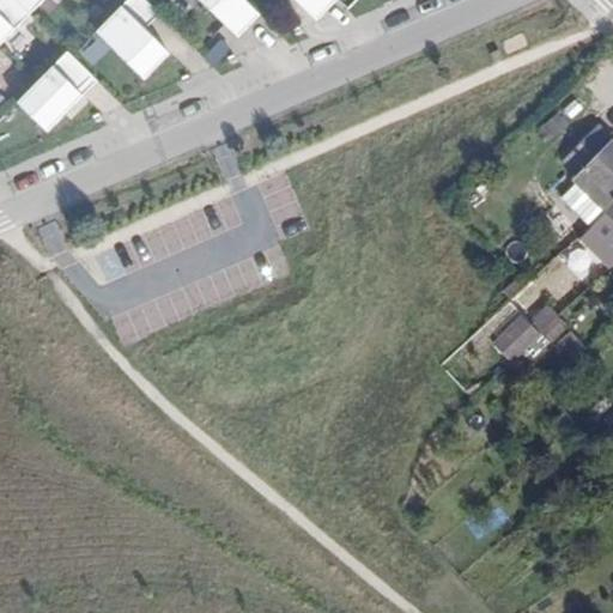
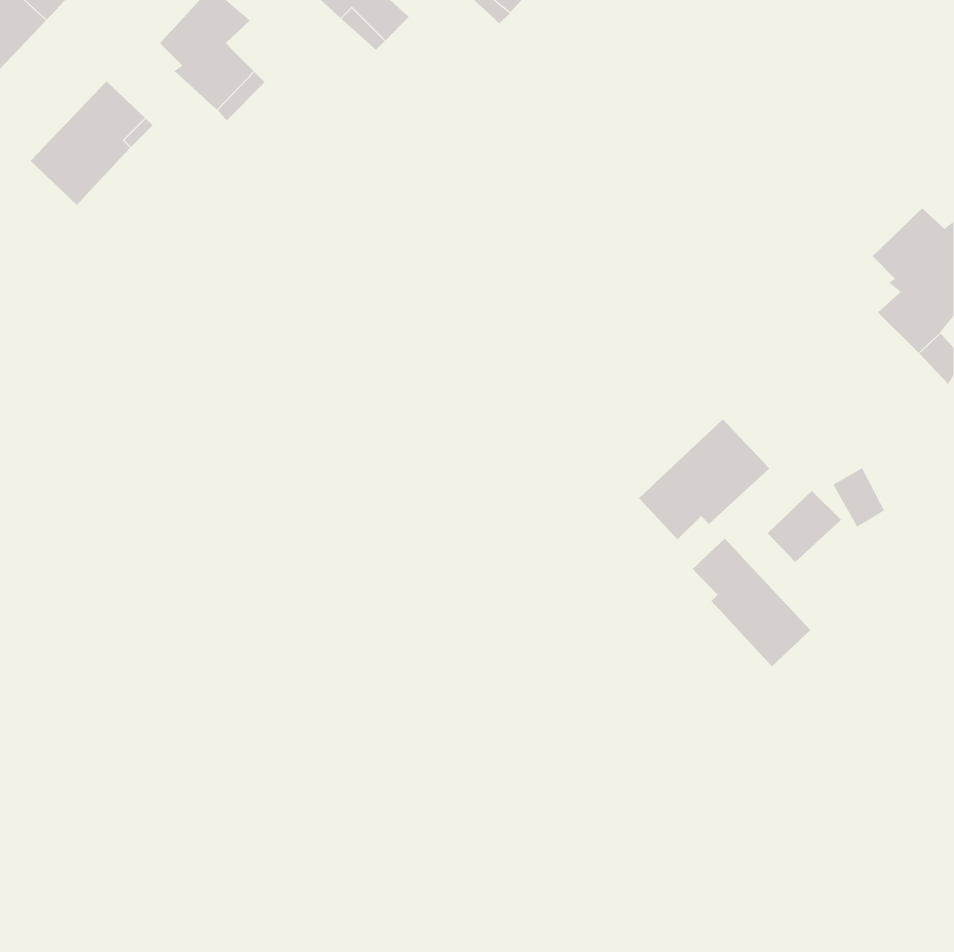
building: none -> [638,419,770,540]
building: none -> [692,538,811,667]

